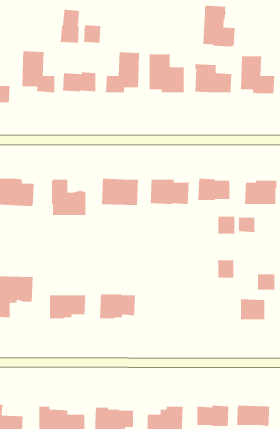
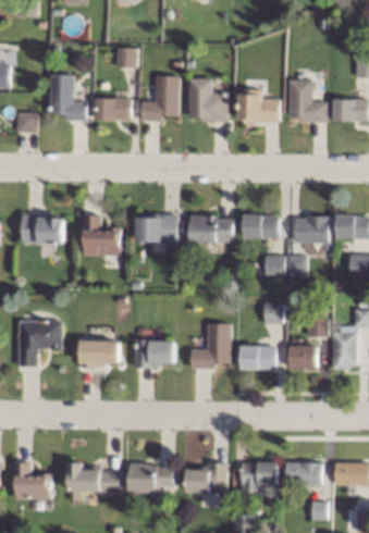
building: [203,5,235,47] -> none
building: [60,9,80,44] -> none
building: none -> [190,322,230,369]
building: none -> [239,345,275,370]

